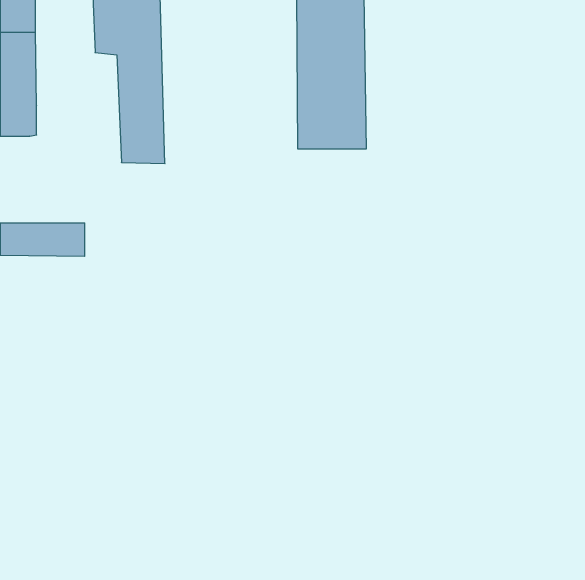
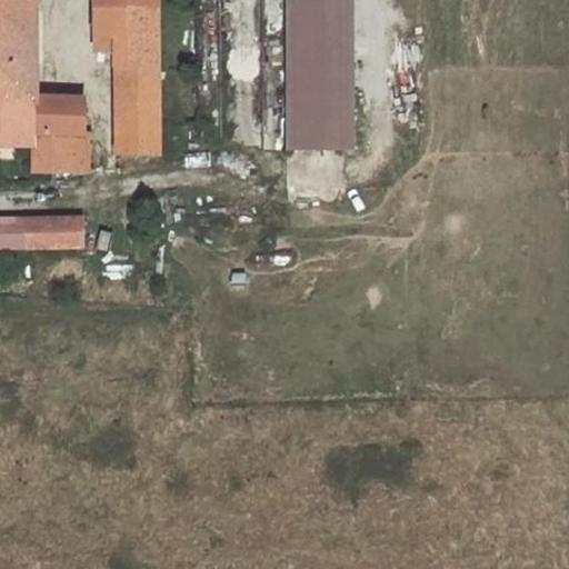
building: none -> [29,102,88,170]

